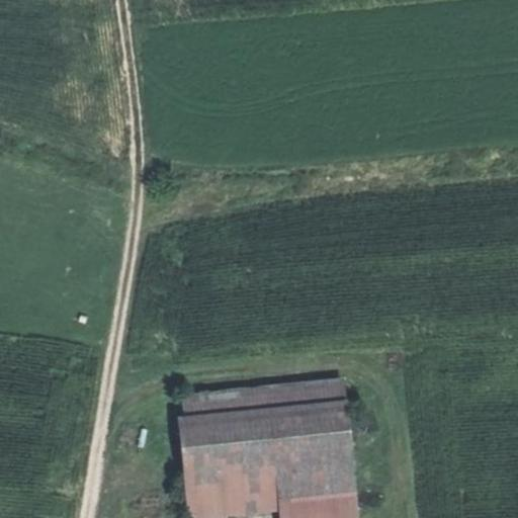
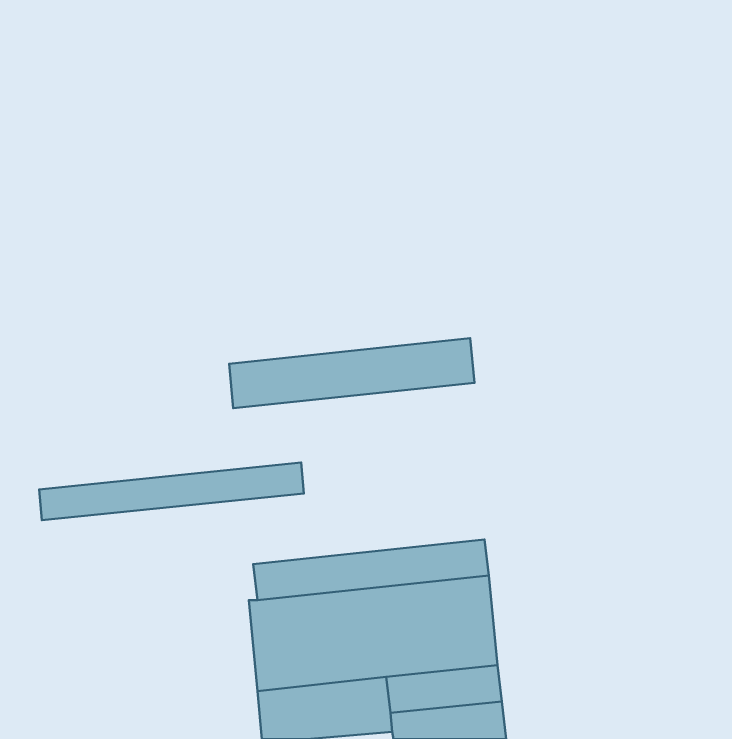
building: none -> [229,338,474,408]
building: none -> [39,463,304,520]

